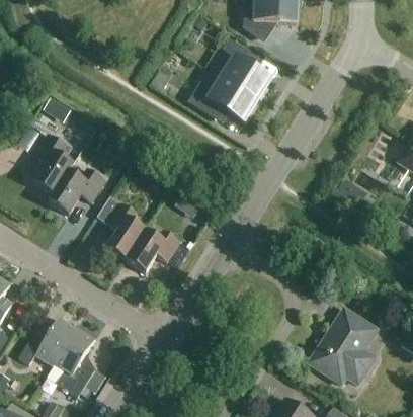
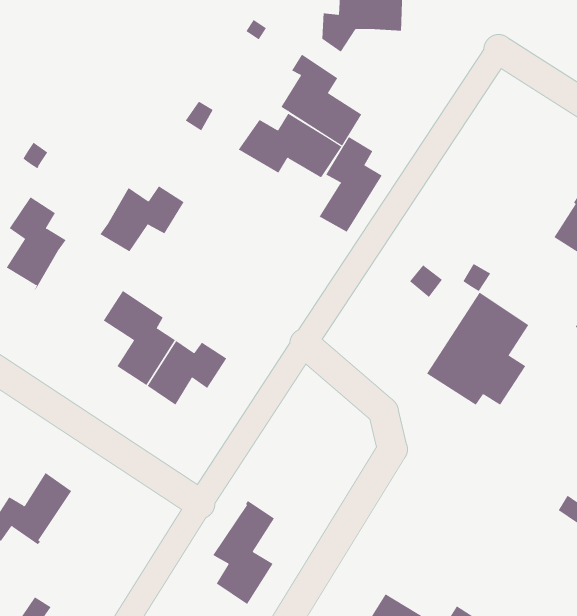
building: none -> [319,136,382,233]
building: [48,169,104,214] -> [99,186,184,252]
building: [308,308,377,384] -> [426,292,529,405]
building: [54,327,95,397] -> [213,500,275,605]

